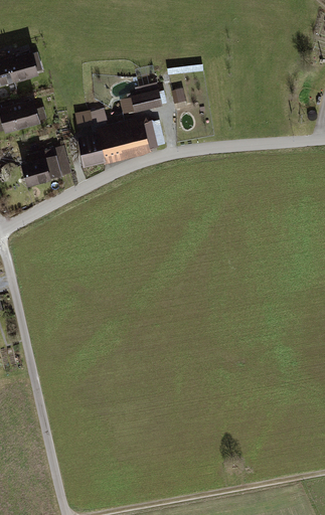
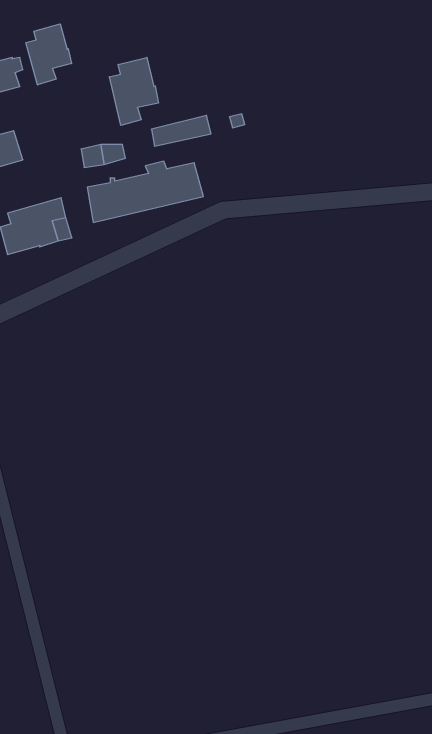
building: none -> [26,24,72,85]
building: none -> [109,57,158,125]

